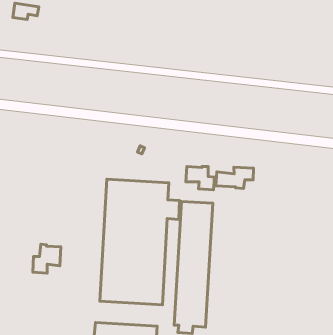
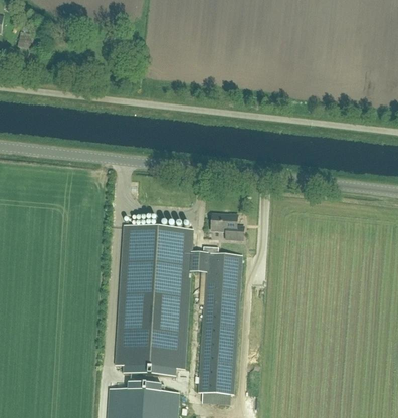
building: [216,167,254,189] -> none
building: [33,244,61,273] -> none

